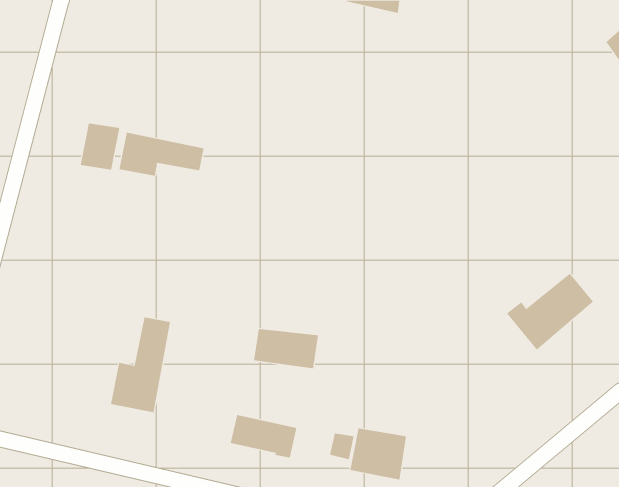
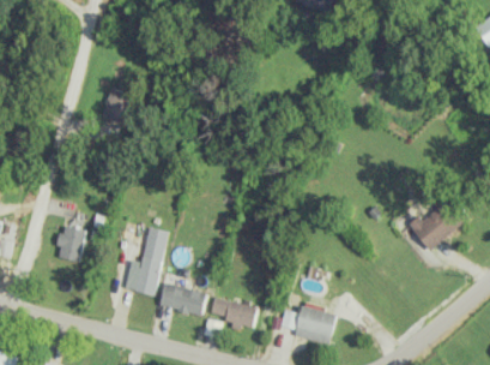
building: [119,132,204,177] -> none
building: none -> [58,226,86,262]
building: [253,328,319,369] -> [161,285,207,313]

